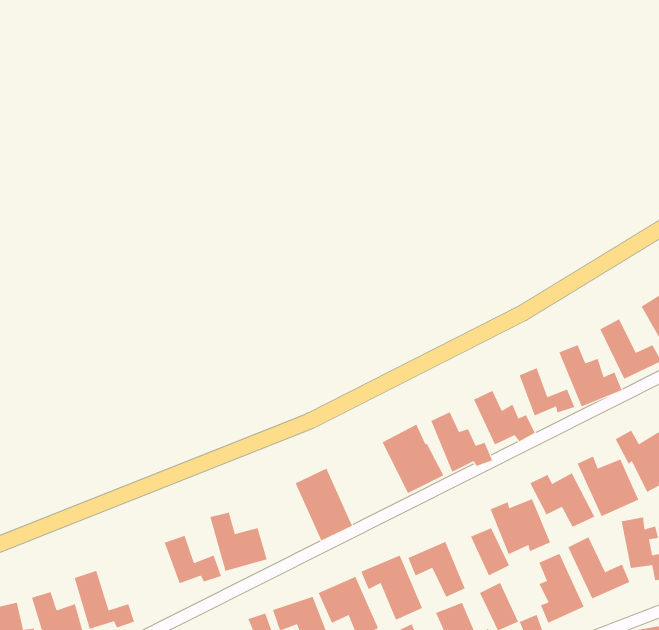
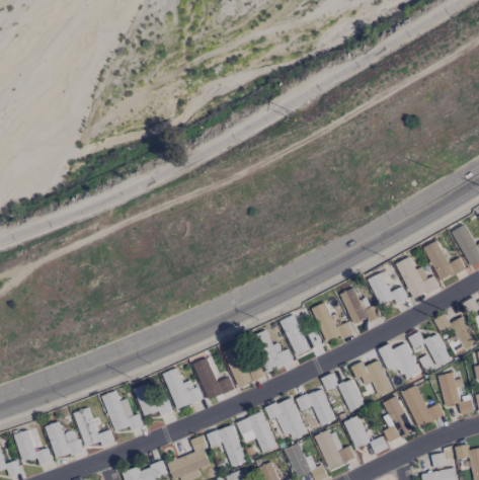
building: none -> [252,330,293,372]
building: none -> [197,366,234,399]
building: none -> [101,390,144,431]

